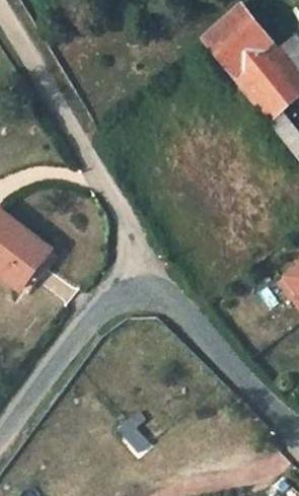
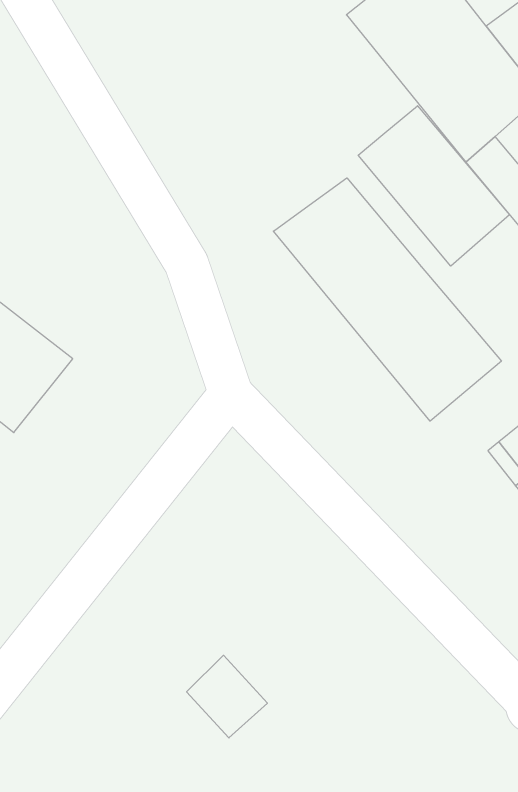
building: none -> [358,106,510,266]
building: none -> [273,178,501,421]

